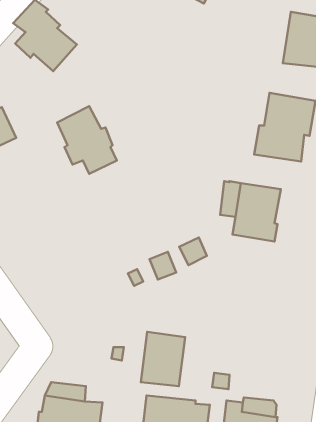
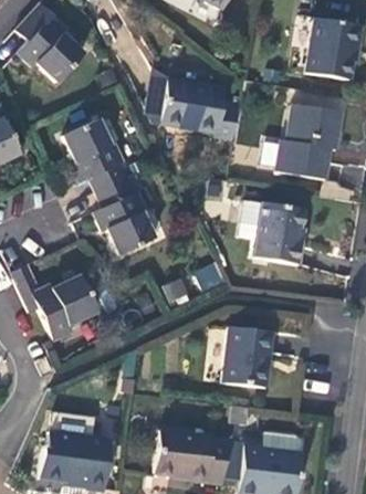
building: none -> [160,78,223,132]
building: none -> [94,177,154,253]
building: none -> [11,263,96,338]
building: [141,332,185,386] -> [223,326,271,385]

